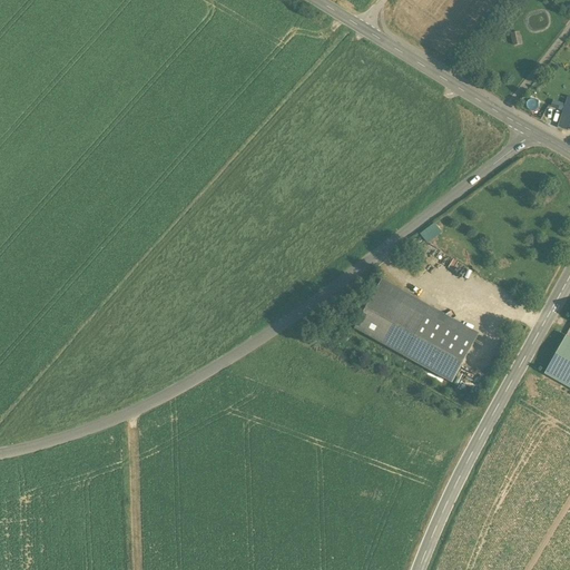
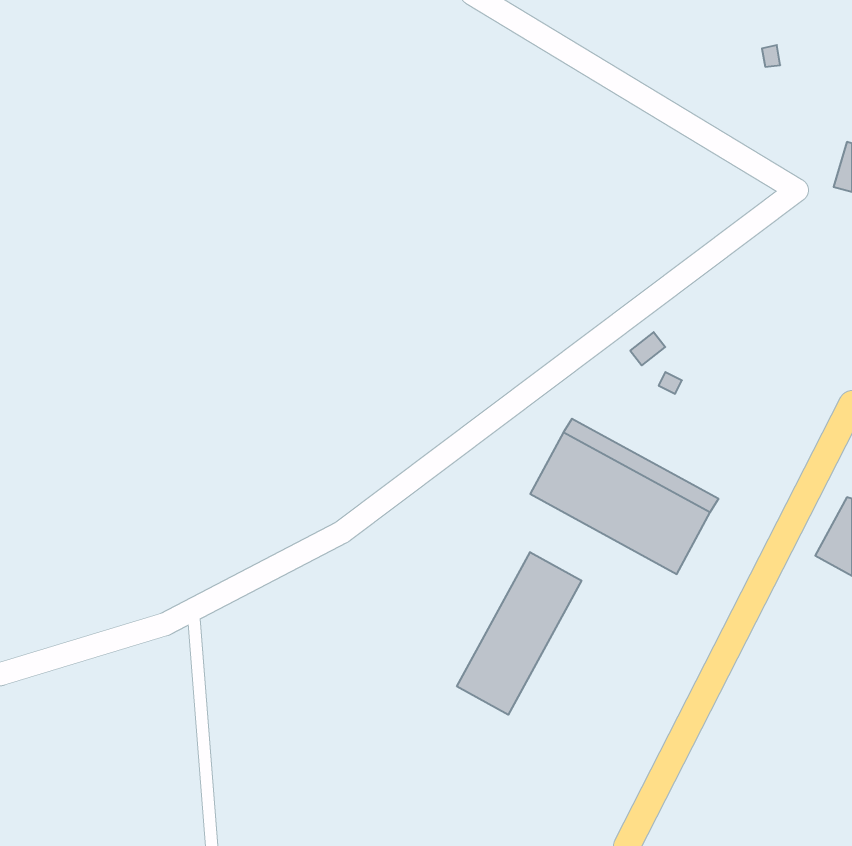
building: none -> [457,552,581,715]

